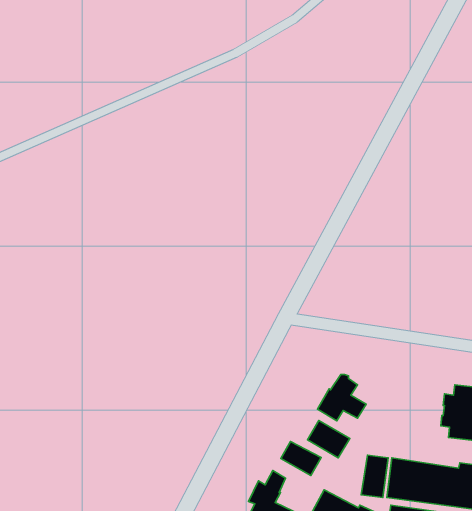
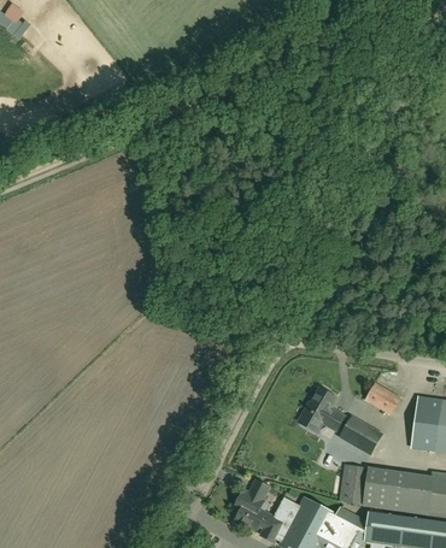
building: none -> [365,382,400,413]
building: [307,421,350,458] -> [341,418,381,453]
building: [281,442,321,476] -> none

